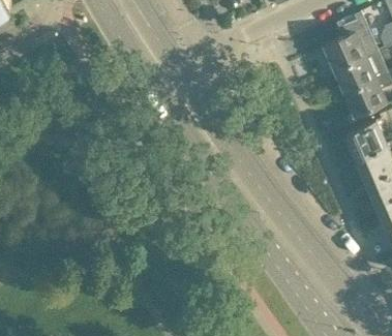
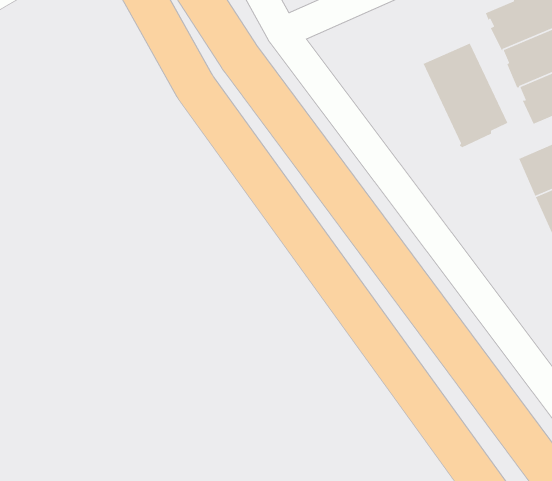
building: none -> [422,43,508,148]

